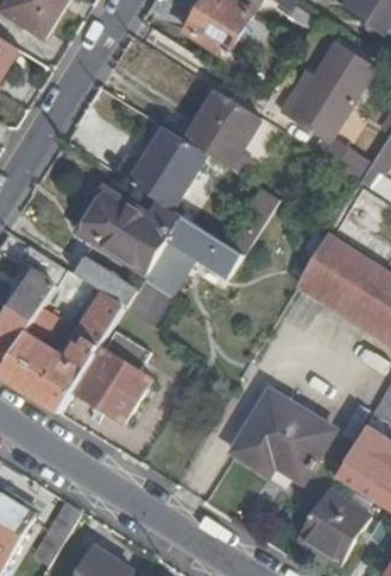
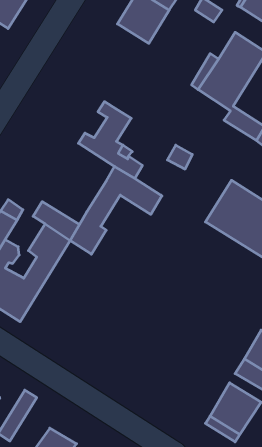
building: [182,88,258,177] -> none
building: [81,194,169,272] -> none
building: [77,328,152,420] -> none
building: [234,394,332,481] -> none

